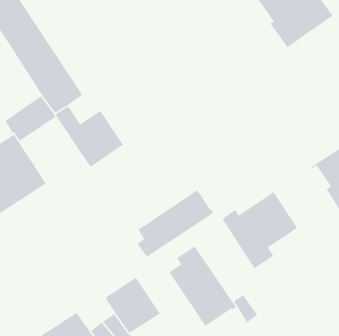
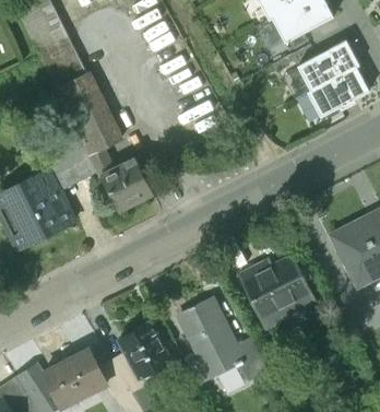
building: [136,189,215,258] -> none

